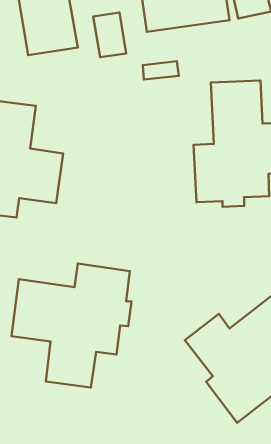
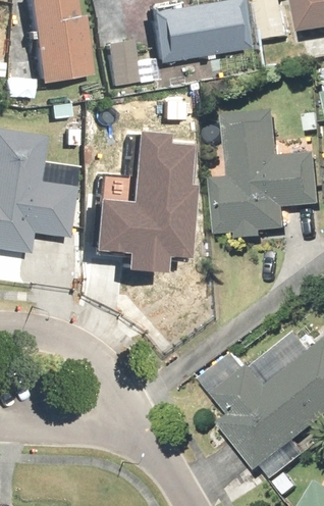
building: none -> [89,136,192,257]
building: [11,264,132,387] -> none

